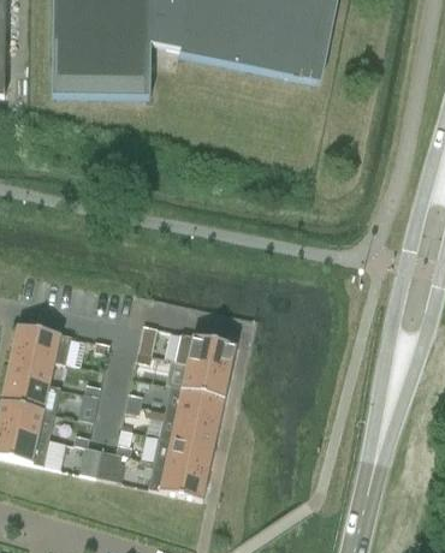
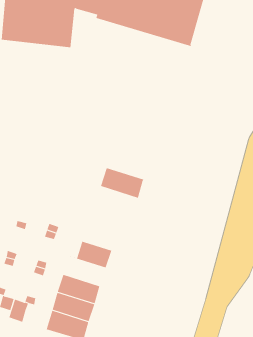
building: [176,333,236,371] -> [100,168,145,198]
building: [165,385,225,422] -> none

